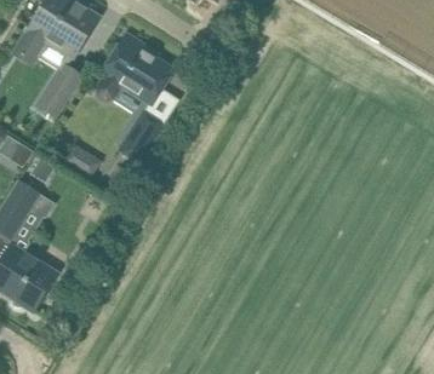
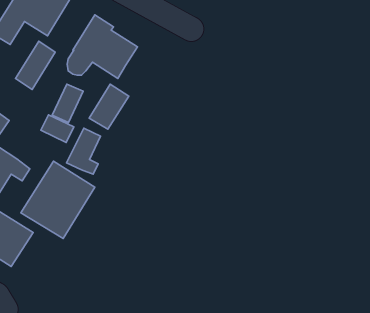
building: none -> [52,84,83,122]
building: none -> [66,128,100,174]
building: none -> [21,161,95,239]

